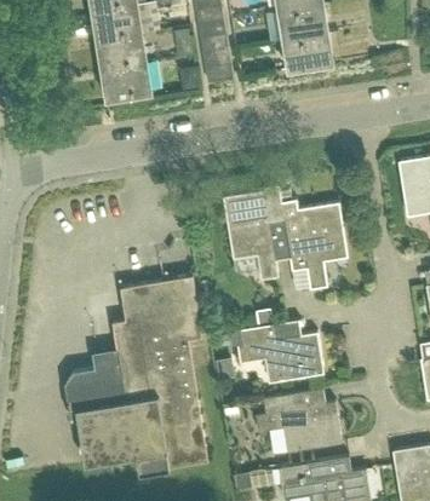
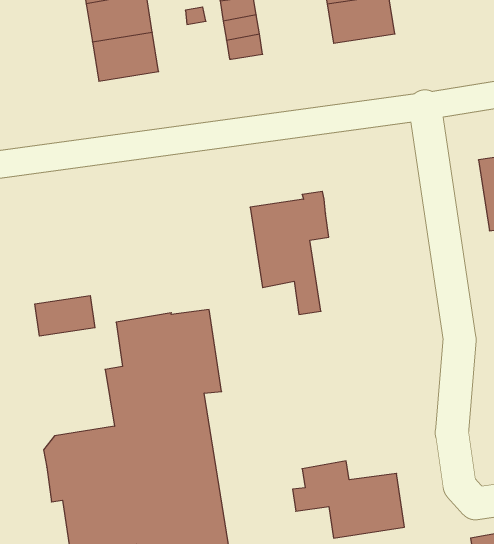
building: [279,190,346,289] -> none
building: none -> [35,296,95,336]
building: [235,324,322,382] -> none

